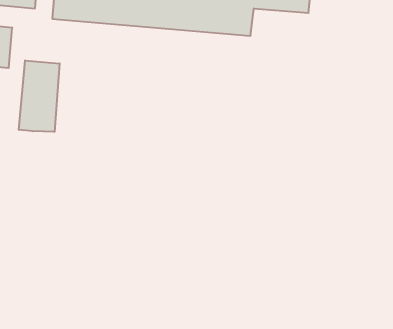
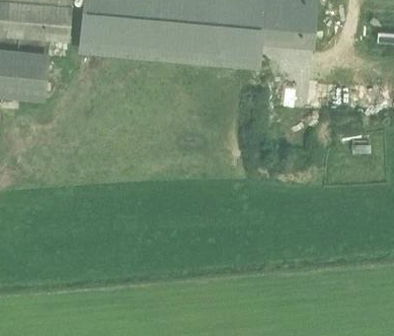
building: [19,60,60,132] -> none

